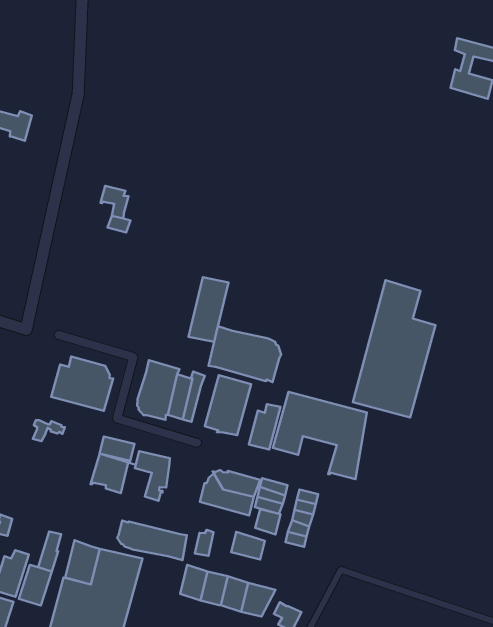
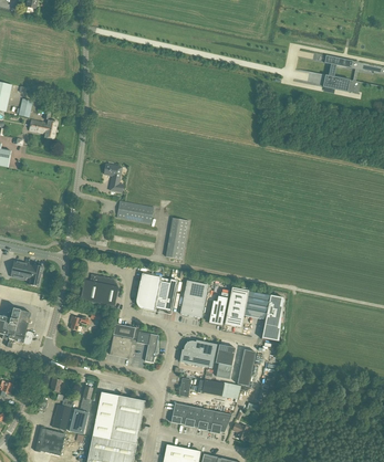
building: none -> [116,200,153,223]
building: [353,280,435,418] -> none
building: [209,326,281,382] -> none
building: [117,520,187,560] -> none

